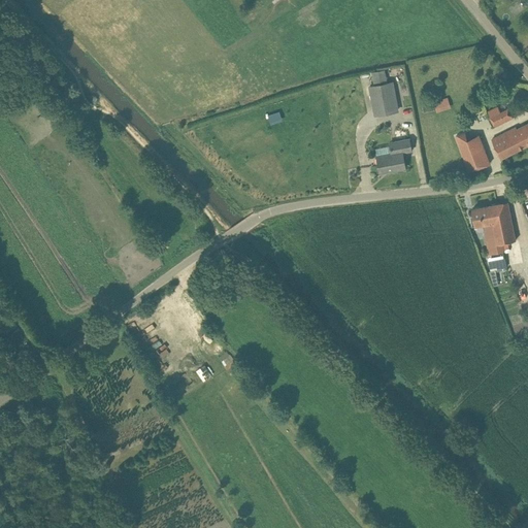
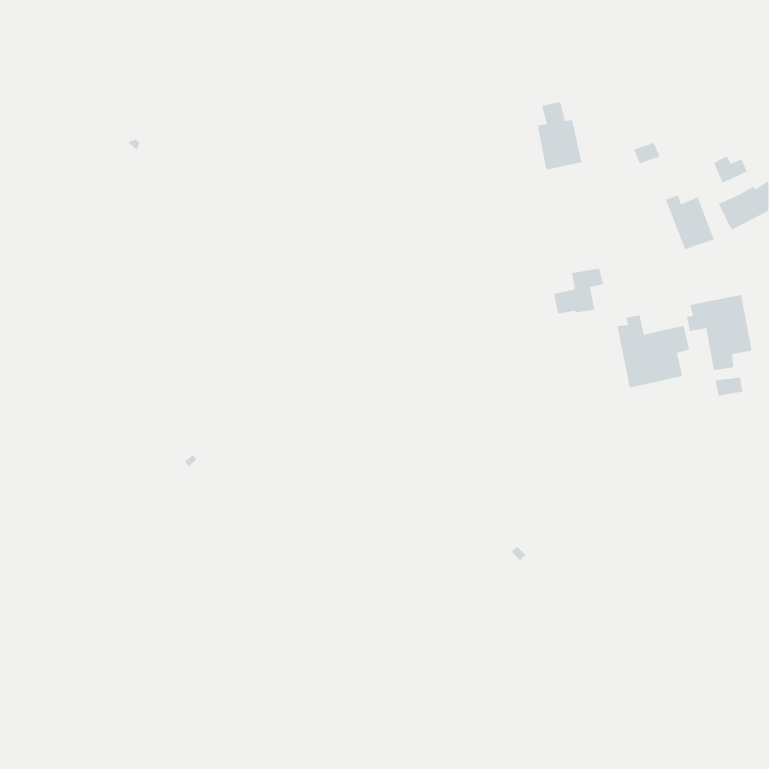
building: [376,140,411,172] -> [553,268,604,315]
building: none -> [617,314,690,388]

